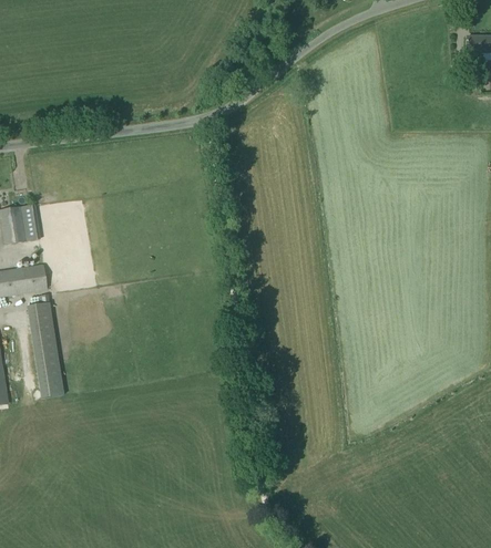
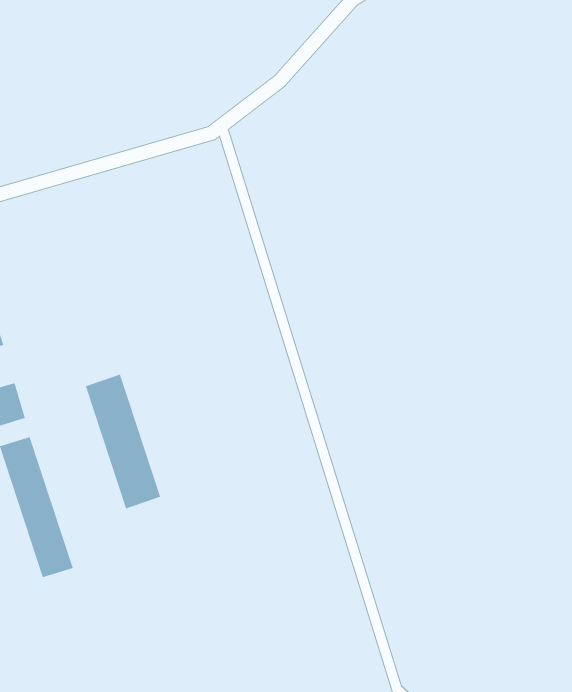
building: none -> [85,373,161,509]

